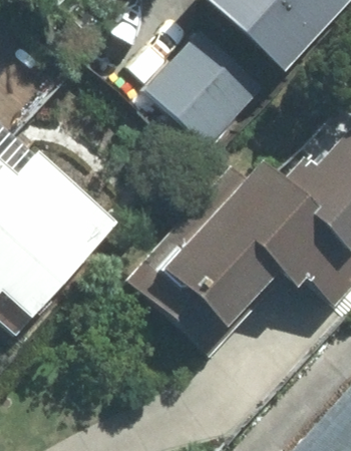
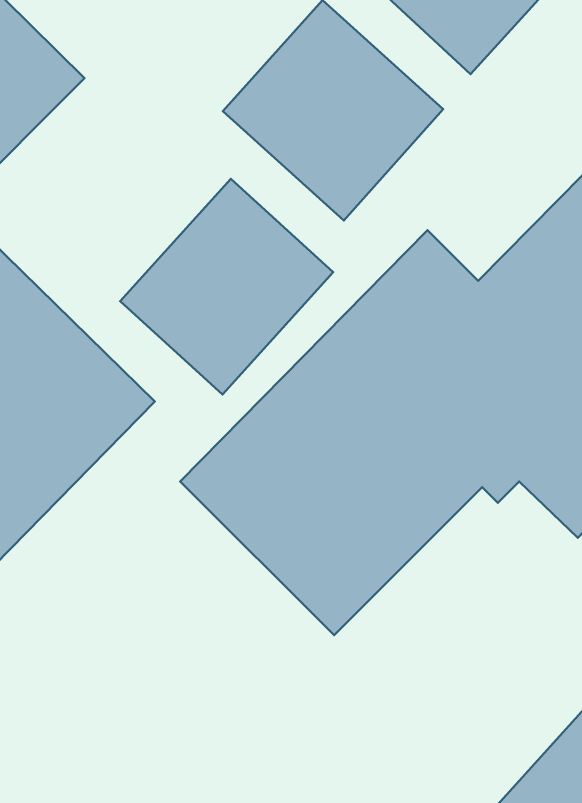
building: none -> [120,179,333,395]

